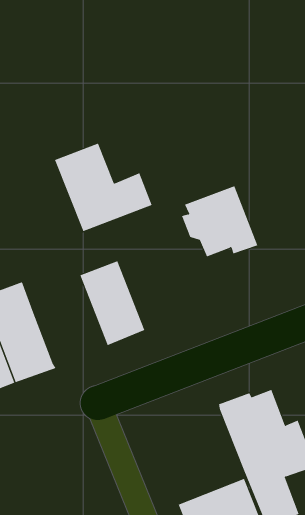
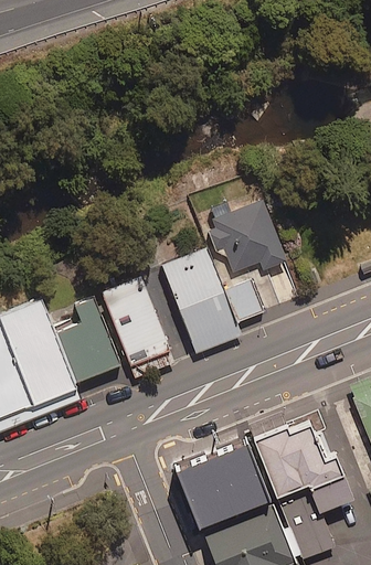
building: [54,143,153,232] -> [161,247,264,340]
building: none -> [54,298,121,384]
building: none -> [177,445,271,531]

